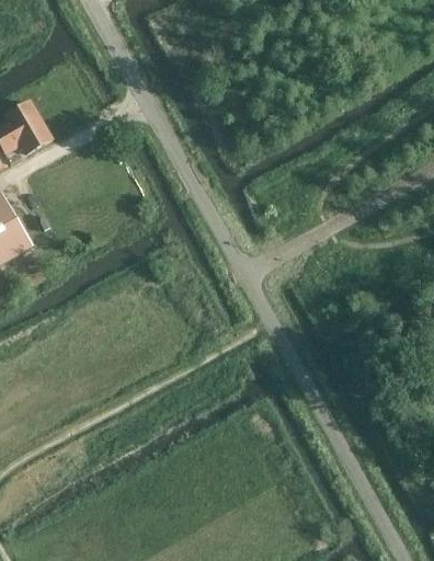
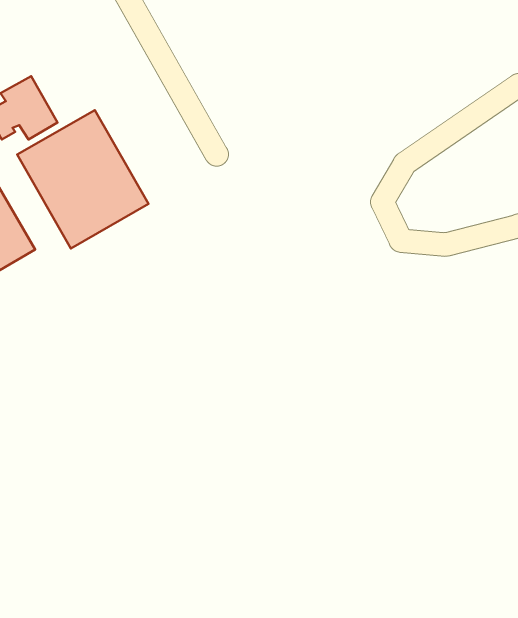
building: none -> [17,110,148,248]

